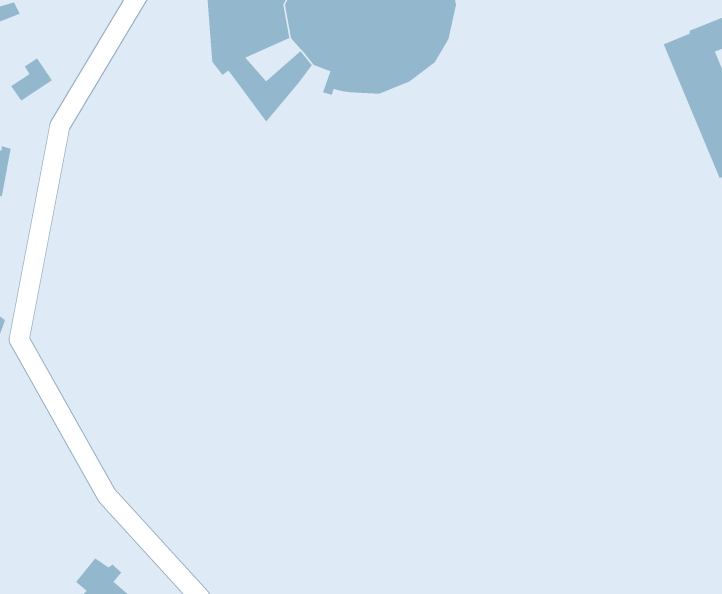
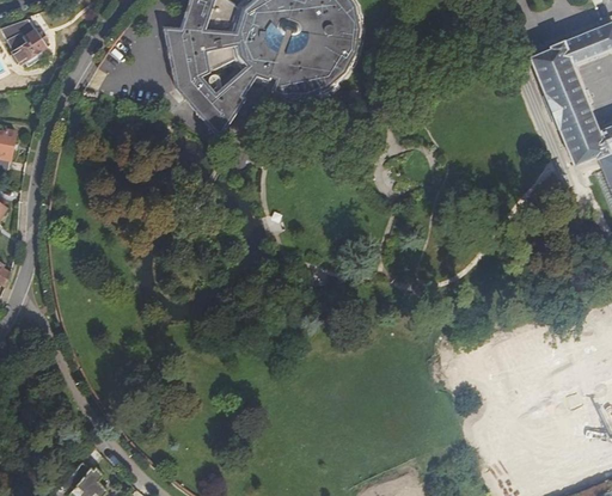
building: [10,57,53,101] -> [13,31,47,66]
building: none -> [182,80,245,129]

